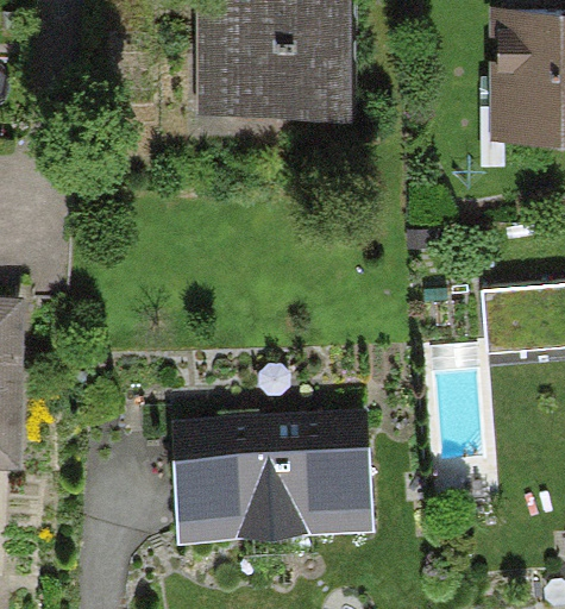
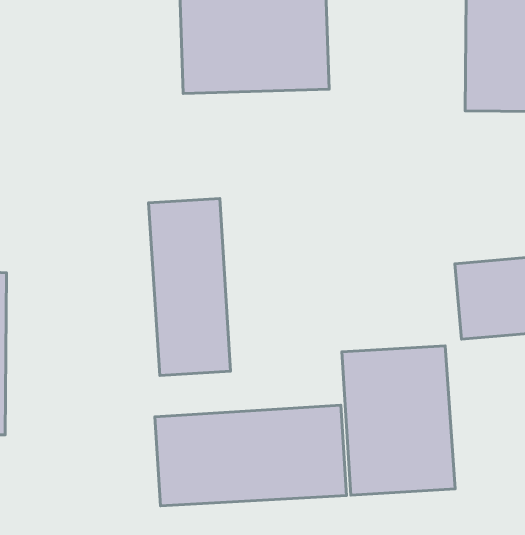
building: none -> [148,199,230,375]
building: none -> [342,346,455,495]

